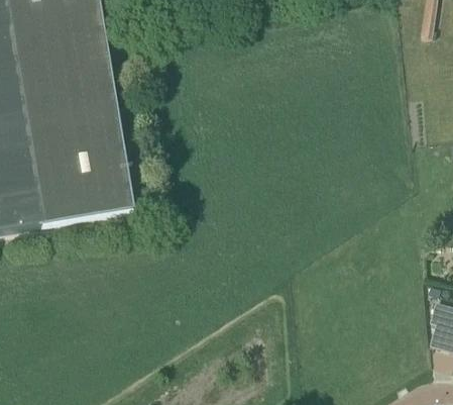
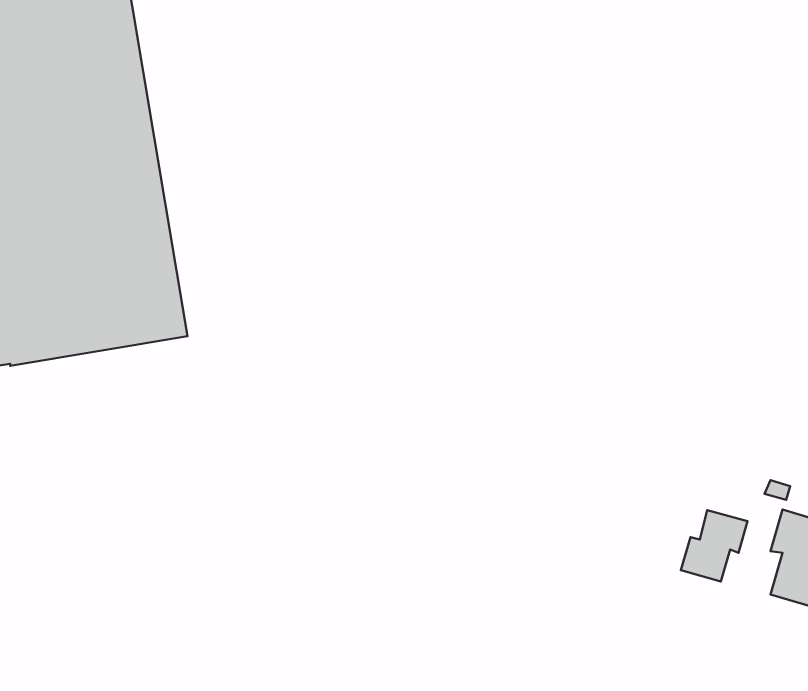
building: none -> [681,510,747,581]

